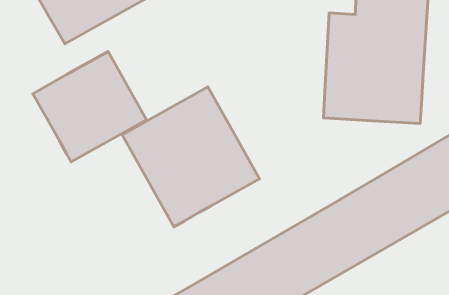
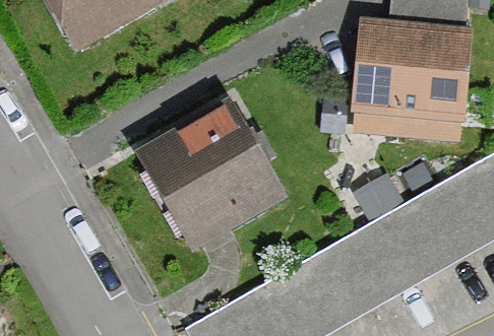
building: [33,52,146,162] -> none

